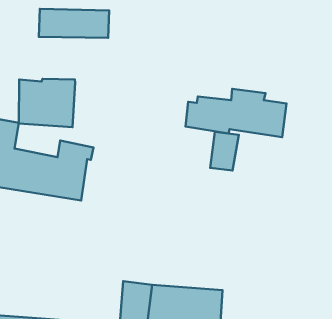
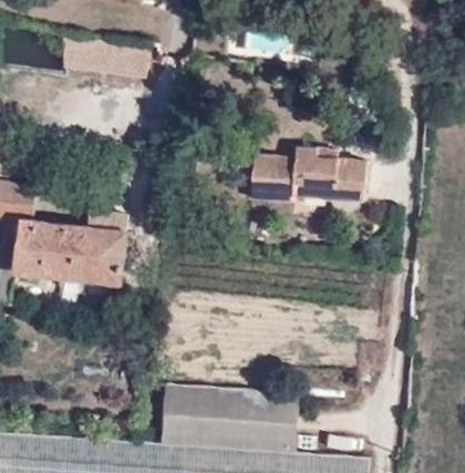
building: [19,79,75,127] -> none
building: [210,132,239,171] -> none

